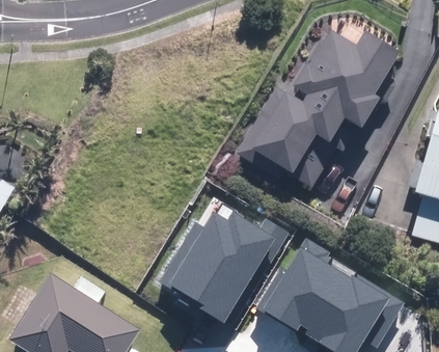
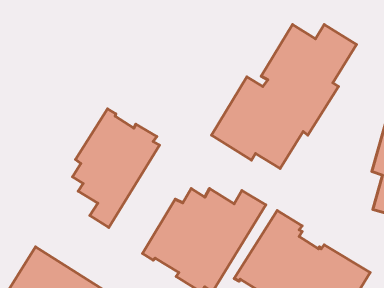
building: none -> [72,109,159,227]

